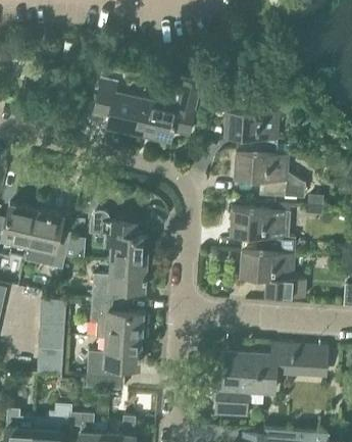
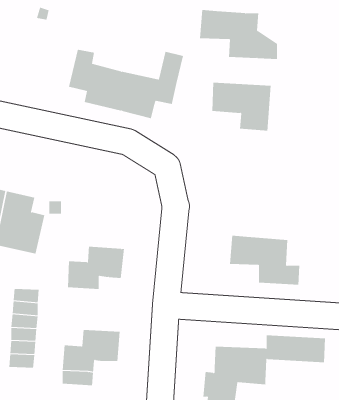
building: [233,152,305,198] -> [199,10,278,59]
building: [230,209,295,255] -> none
building: [89,212,146,263] -> none
building: [90,299,145,340] -> none

